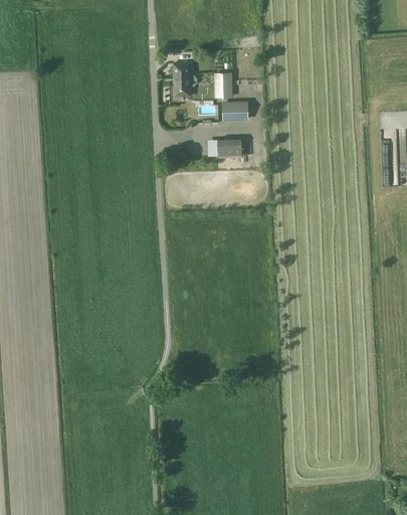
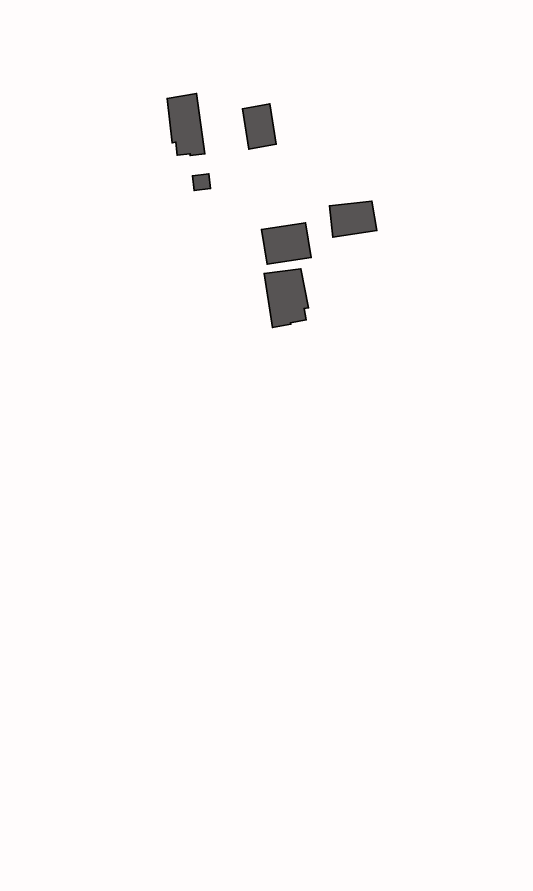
building: [224,103,248,120] -> [330,201,377,237]
building: none -> [264,269,309,327]

